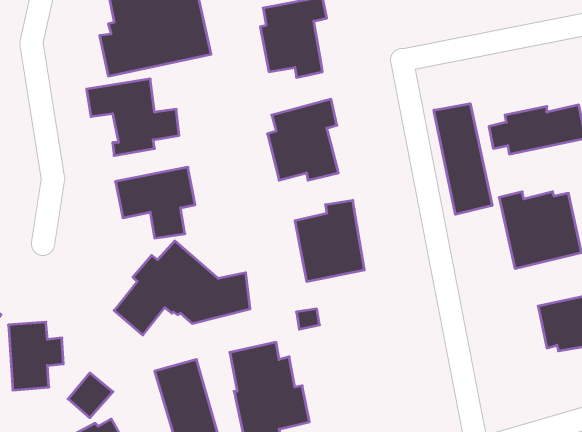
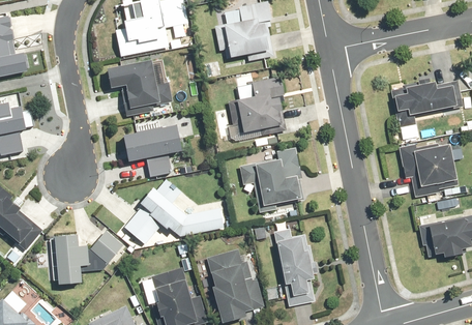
building: [434,104,492,214] -> none
building: none -> [274,229,315,305]
building: [68,373,113,418] -> [90,231,122,263]

